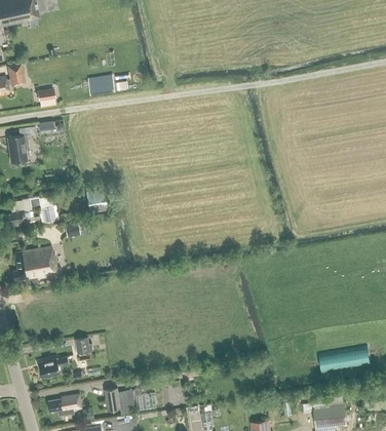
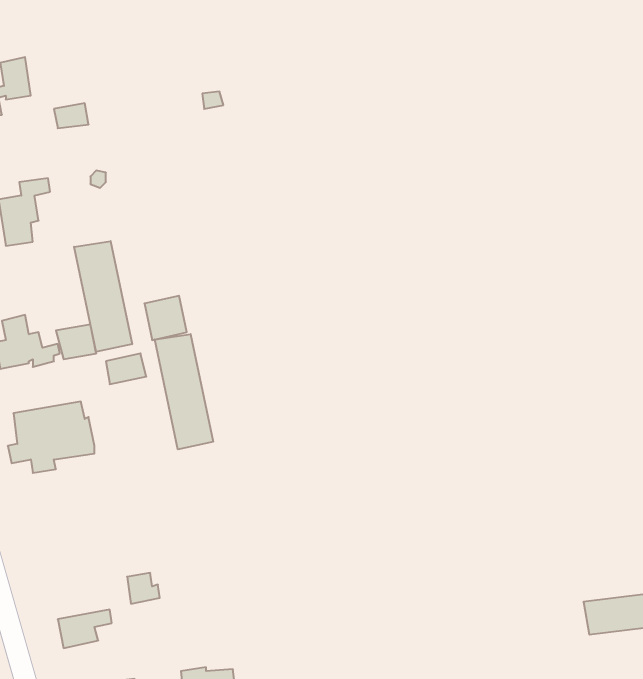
building: [87,74,114,94] -> none
building: none -> [74,241,132,352]
building: none -> [155,334,213,449]

